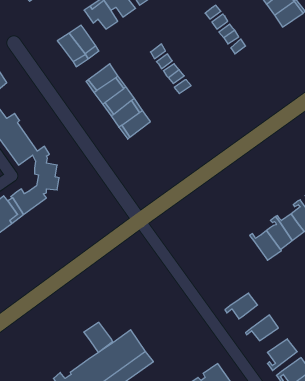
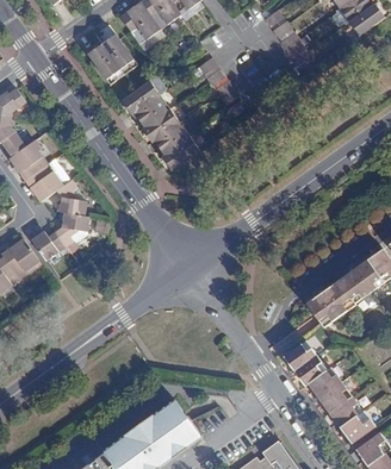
building: none -> [305,286,339,327]
building: none -> [283,339,316,375]
building: none -> [308,367,341,402]
building: [84,322,113,352] -> none
building: none -> [323,396,361,426]

